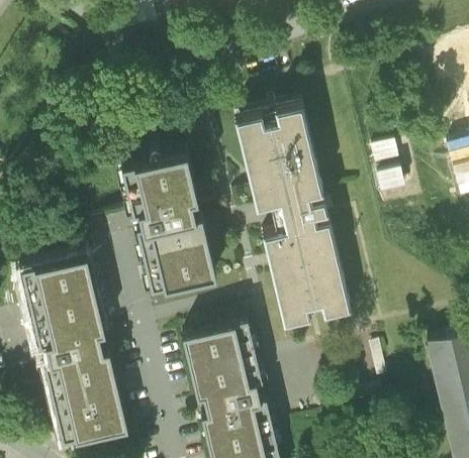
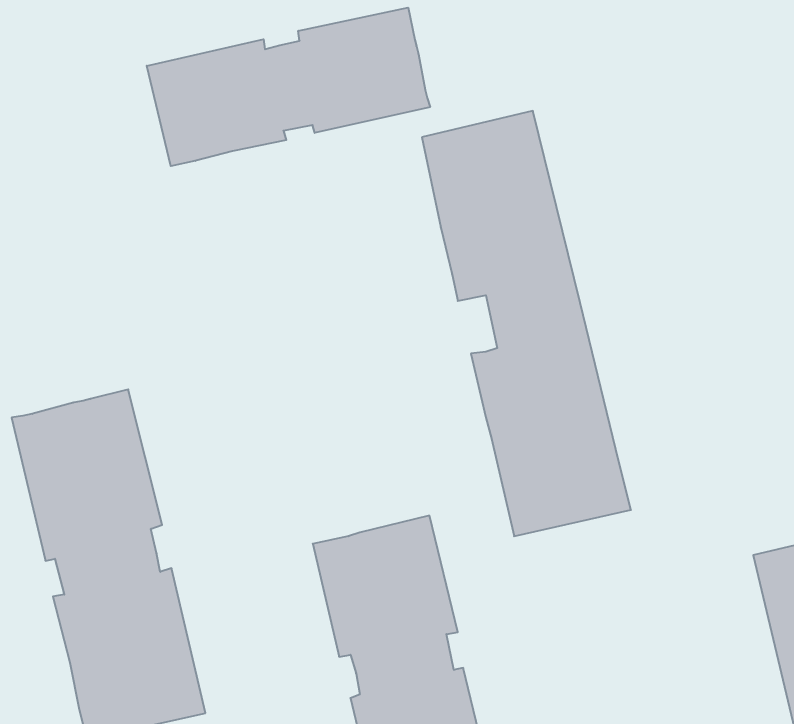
building: none -> [147,8,430,166]
building: [120,146,213,289] -> none

